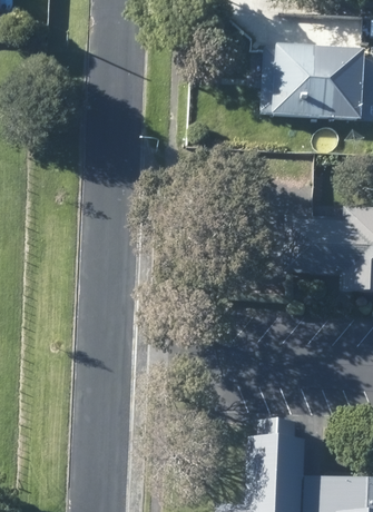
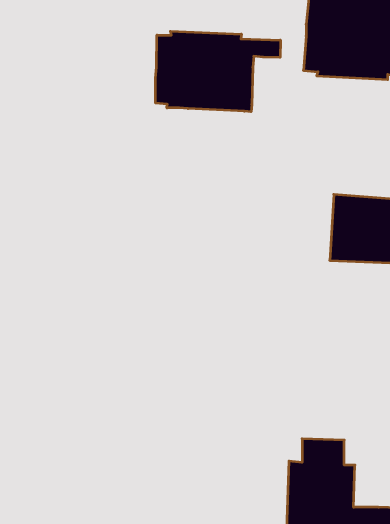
building: none -> [155,31,280,112]

